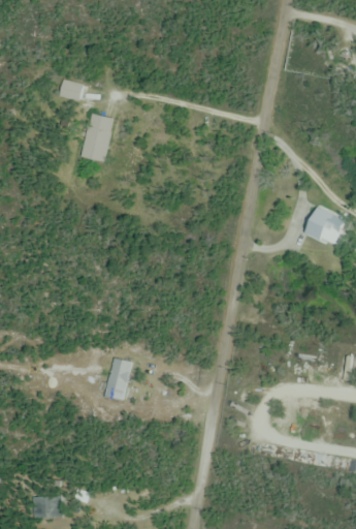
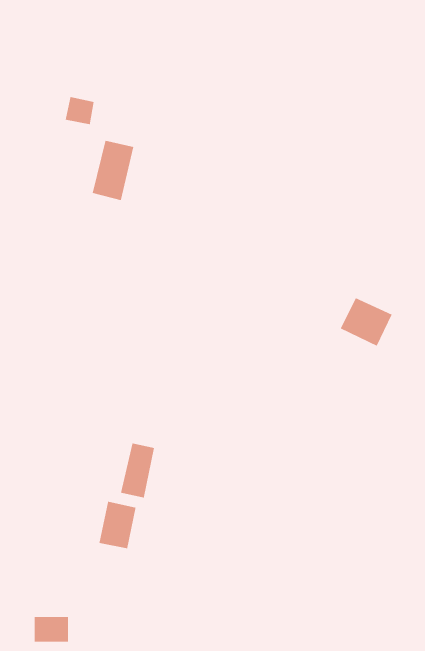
building: [302,207,345,246] -> [340,298,393,347]
building: none -> [99,501,136,549]

